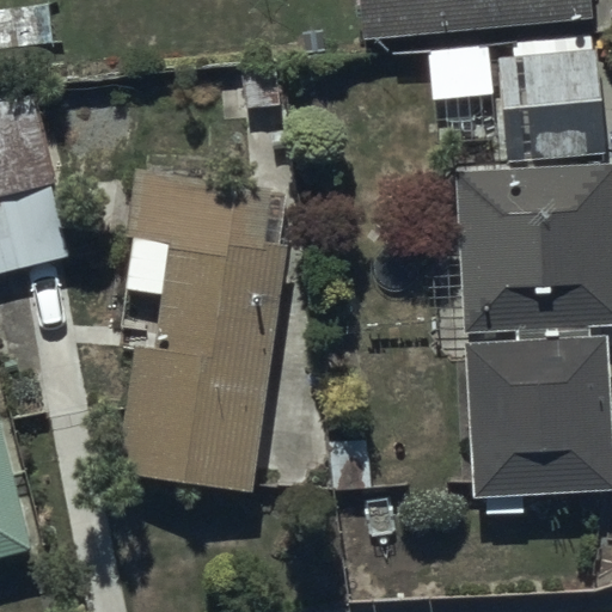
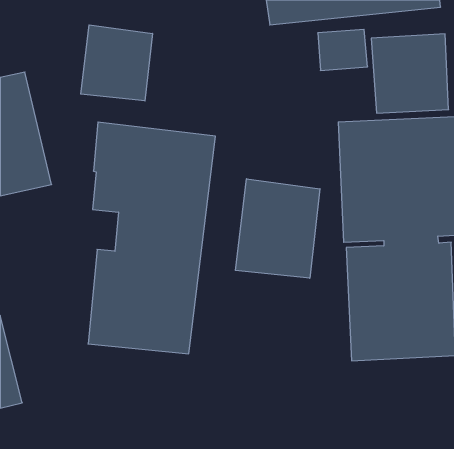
building: none -> [81,25,152,101]
building: none -> [235,179,320,278]

